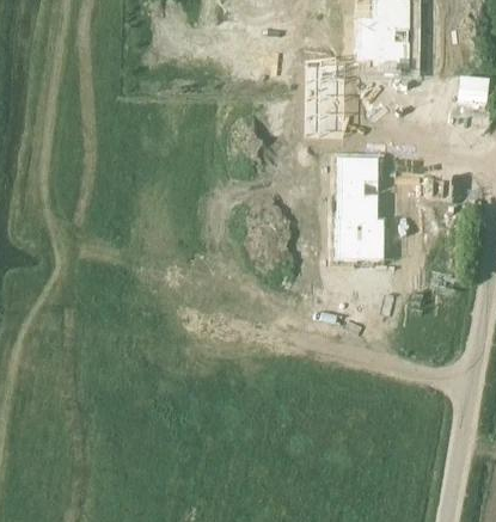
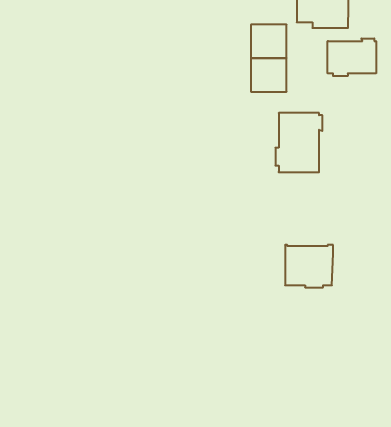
building: none -> [328,38,376,76]
building: [332,219,384,264] -> [285,245,333,287]

